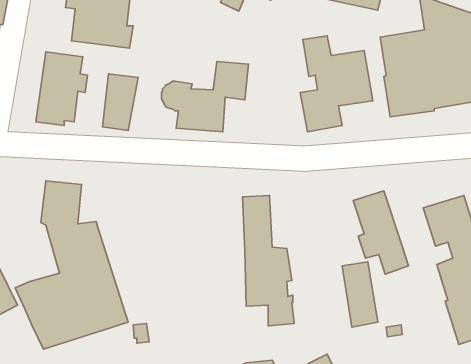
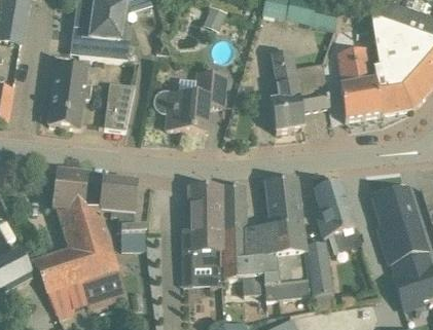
building: none -> [99,177,144,248]
building: none -> [258,179,310,298]
building: none -> [183,186,221,284]

